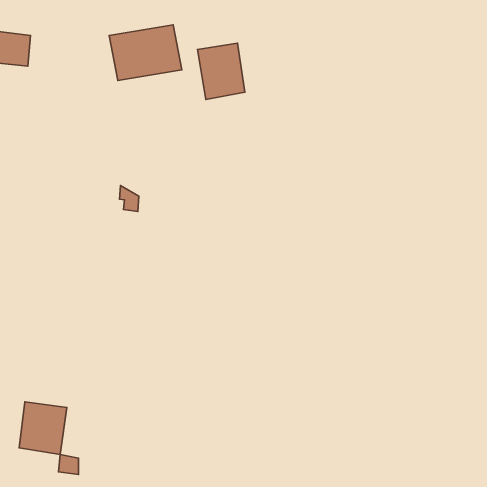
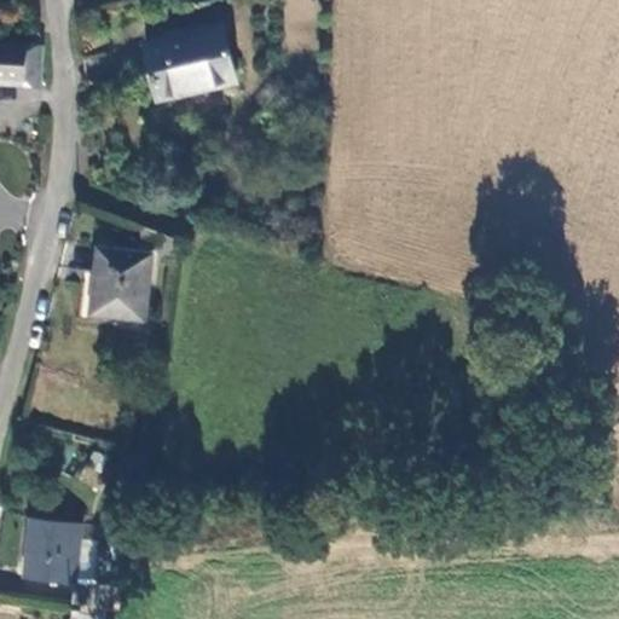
building: [198,43,245,99] -> none
building: none -> [94,254,150,323]

